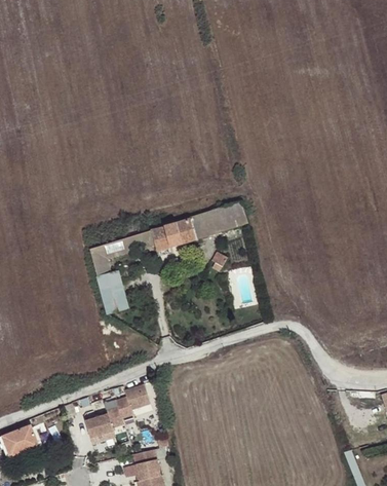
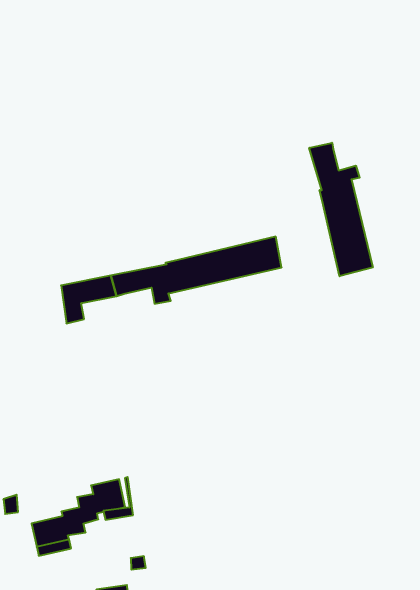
building: none -> [309,143,373,276]
building: [95,270,127,314] -> none

